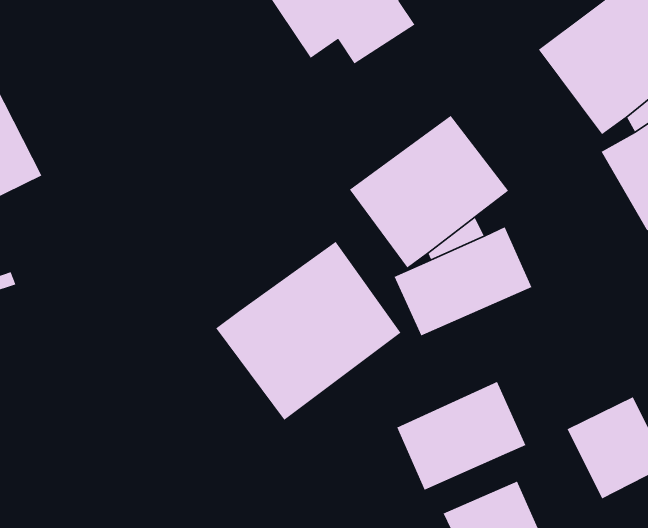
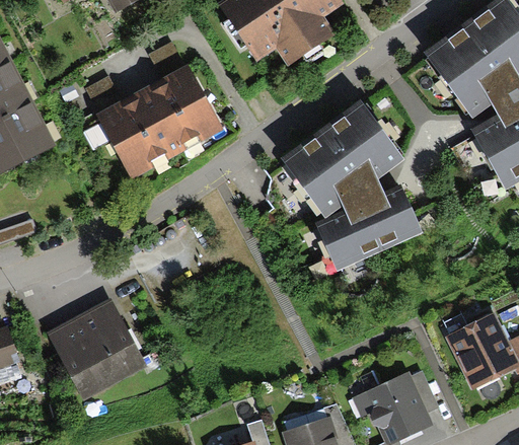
building: none -> [86,44,222,176]
building: [215,241,402,421] -> none
building: none -> [41,296,150,401]
building: [396,381,527,491] -> none

